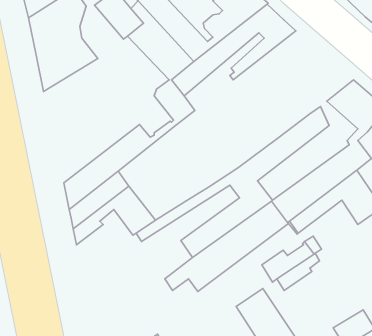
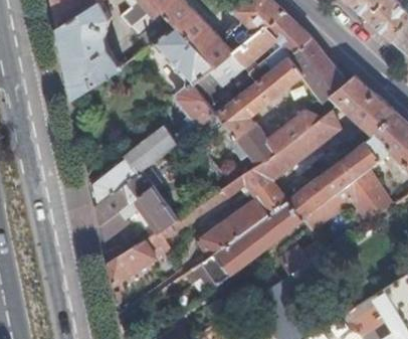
building: none -> [203,39,364,187]
building: none -> [108,230,168,287]

